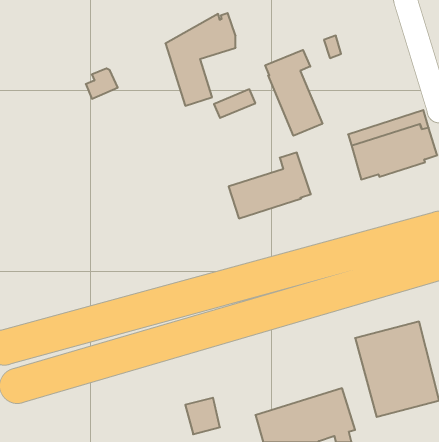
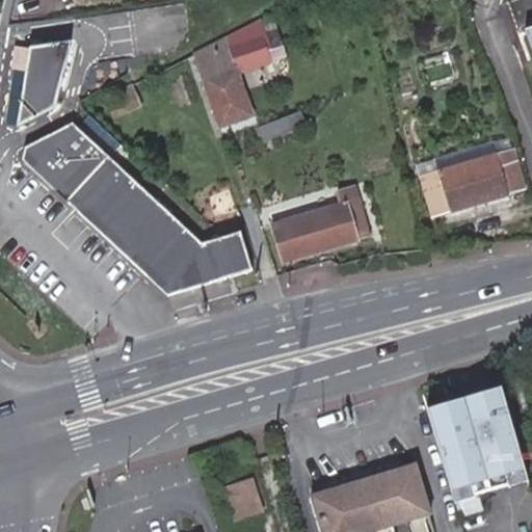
building: none -> [19,43,70,127]
building: [265,50,322,136] -> none
building: none -> [23,123,251,294]

